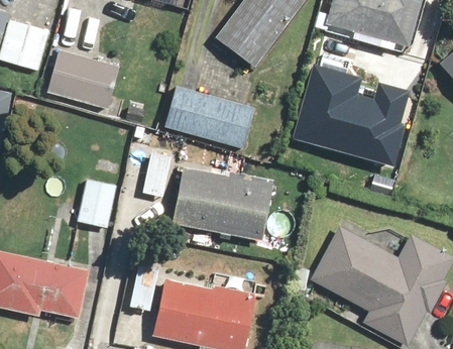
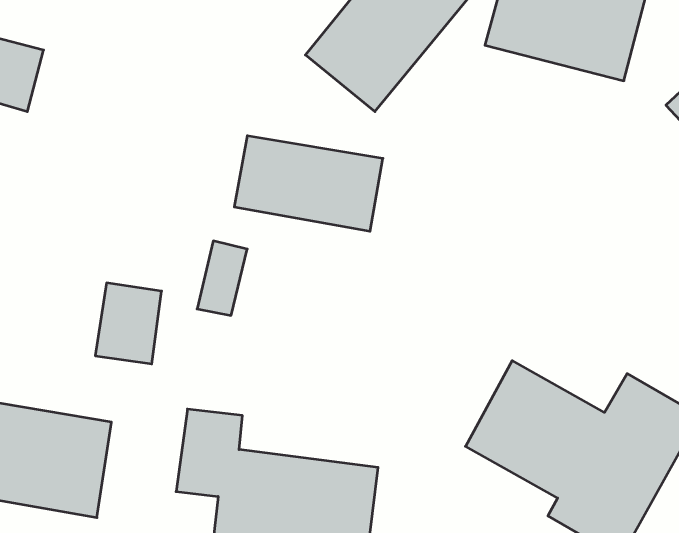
building: [47,49,118,106] -> none
building: [296,59,412,159] -> none
building: [171,162,272,240] -> none

